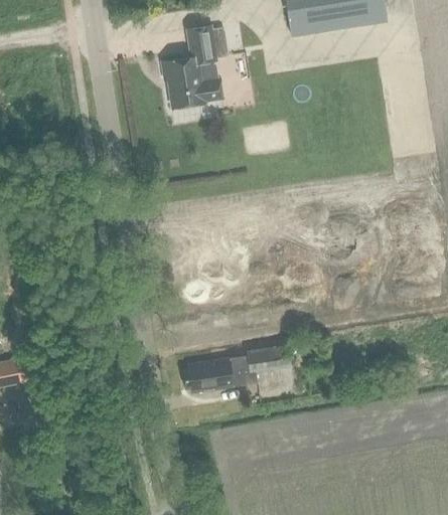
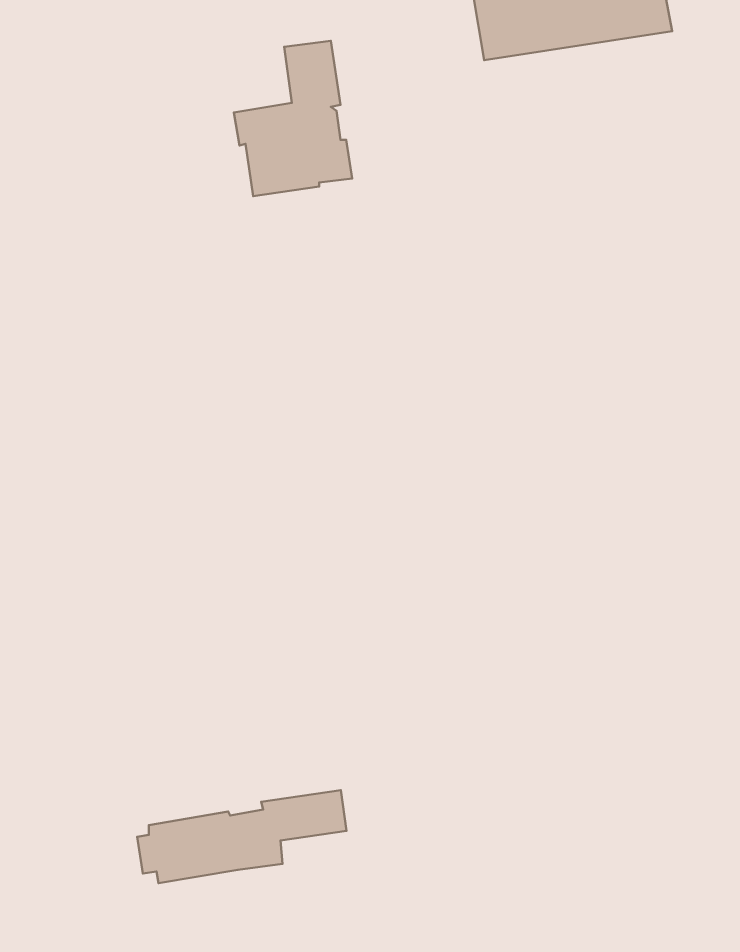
building: [182,345,291,393] -> [137,790,347,883]

